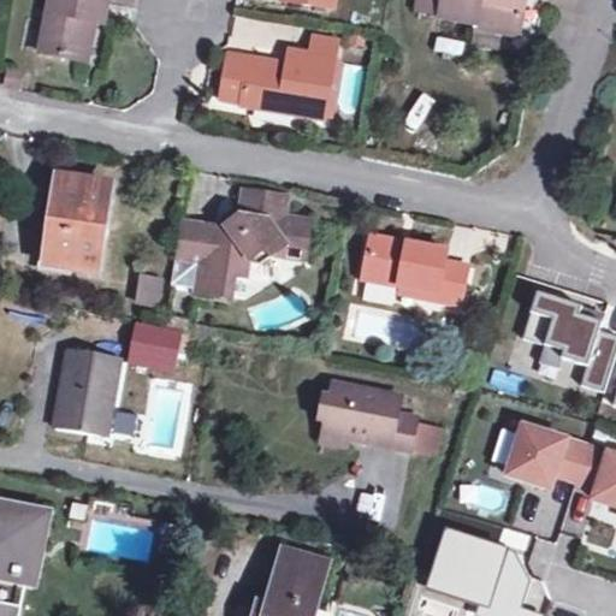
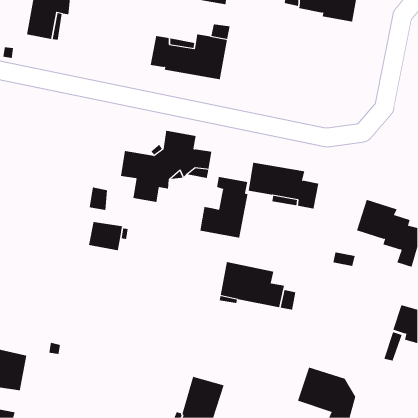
building: [47,177,109,270] -> none
building: none -> [200,176,248,238]
building: [55,348,120,436] -> none
building: [504,424,586,486] -> none

